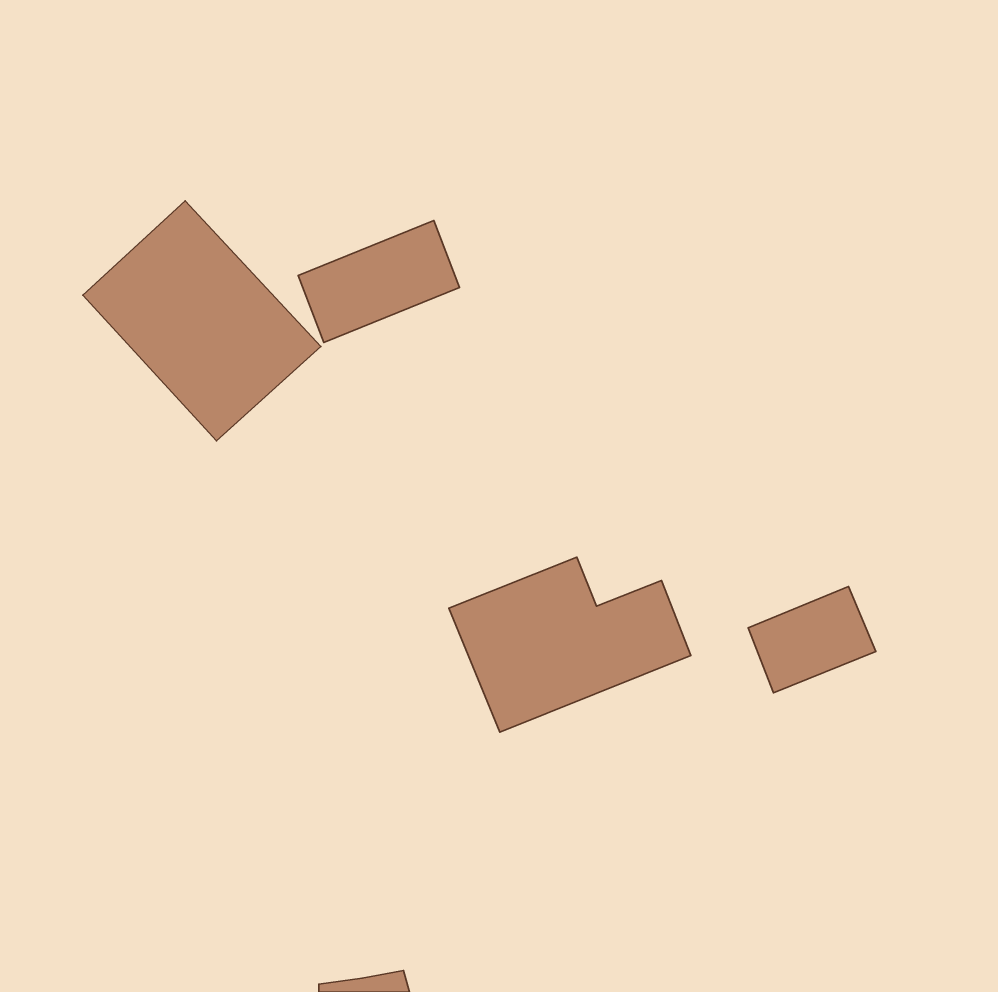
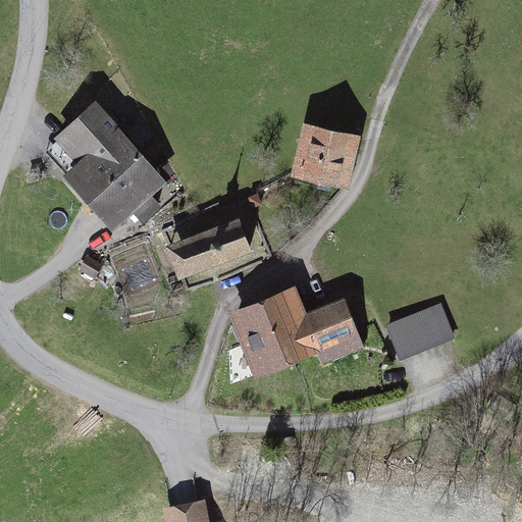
building: [298,221,459,343] -> [168,216,252,279]
building: none -> [289,120,352,186]

